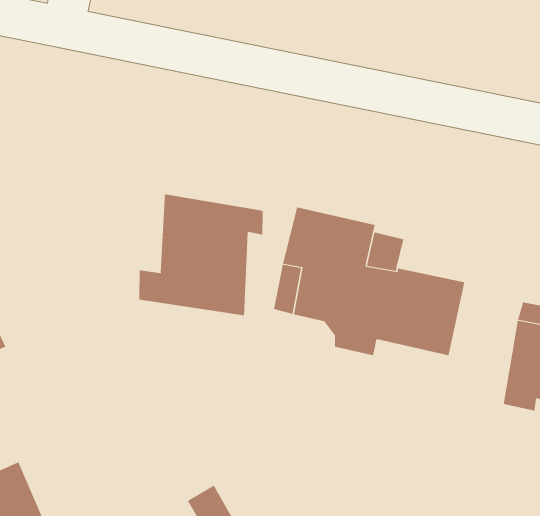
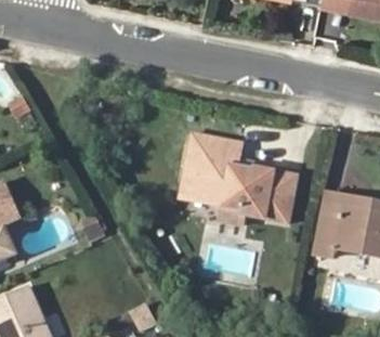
building: [139,193,263,316] -> none

